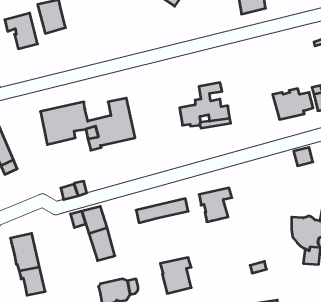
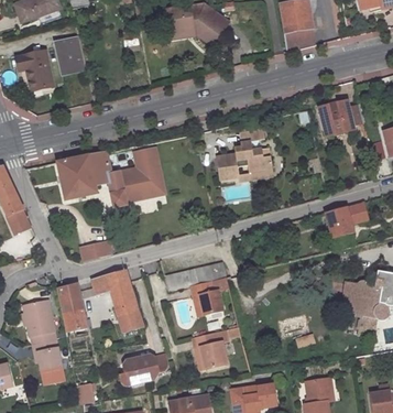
building: [273,89,313,119] -> [318,100,364,135]
building: none -> [324,208,353,239]
building: [199,188,232,222] -> [192,276,229,315]
building: none -> [57,284,86,332]

